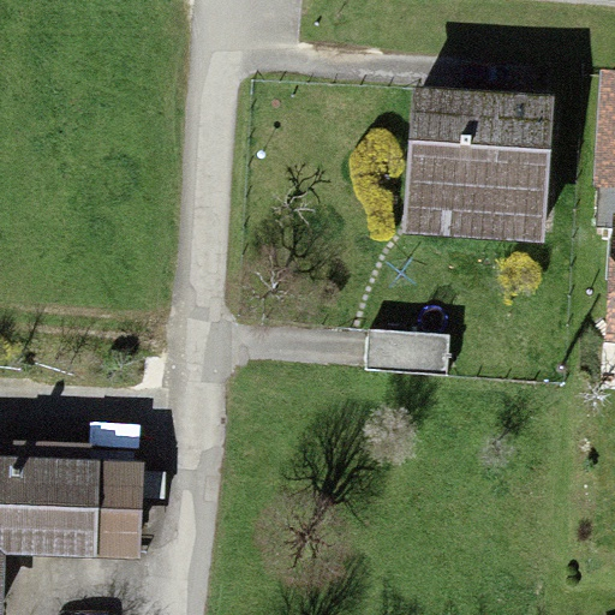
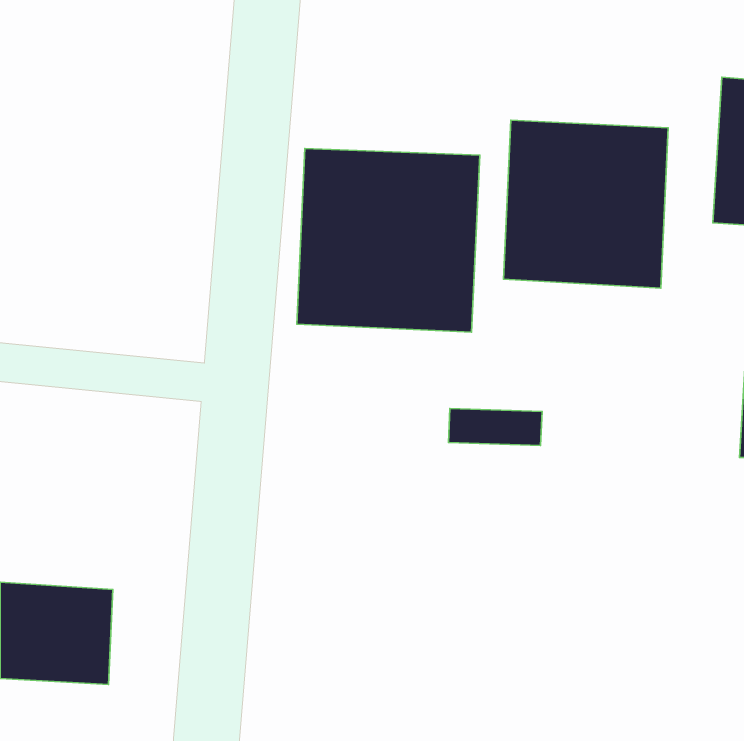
building: none -> [297,149,480,332]

